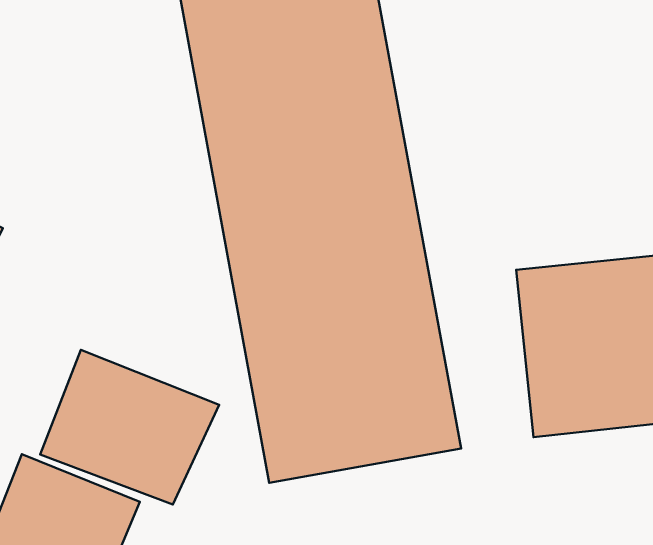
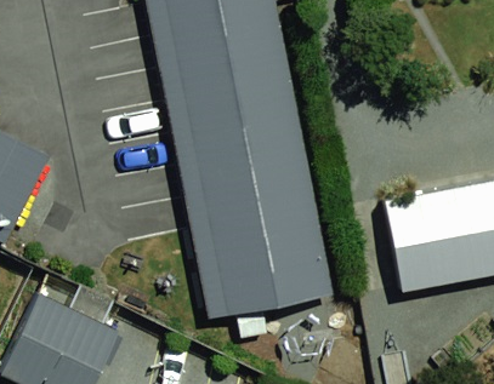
building: [40,350,219,505] -> none

